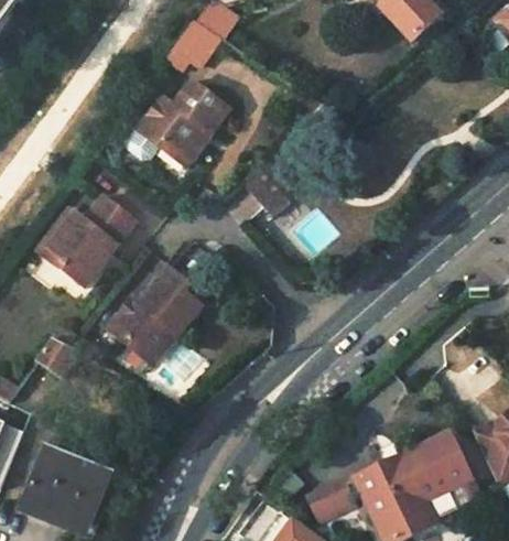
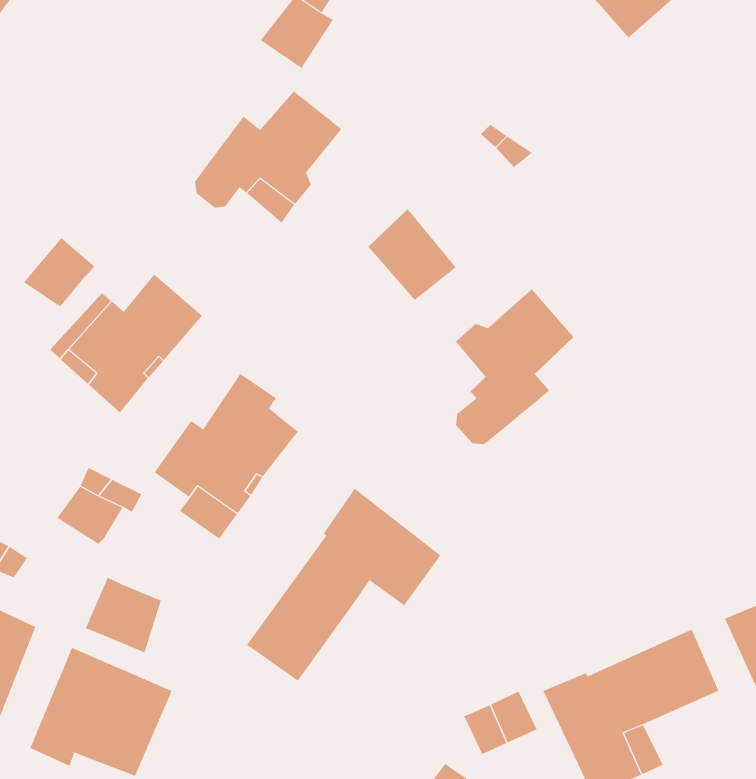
building: none -> [23,237,95,307]
building: none -> [455,289,574,445]
building: none -> [246,488,441,682]
building: none -> [85,577,161,653]

